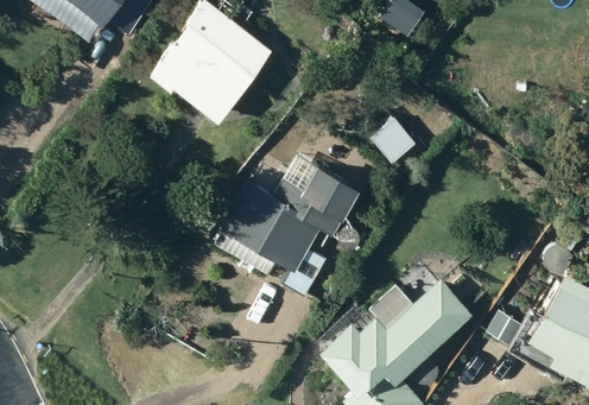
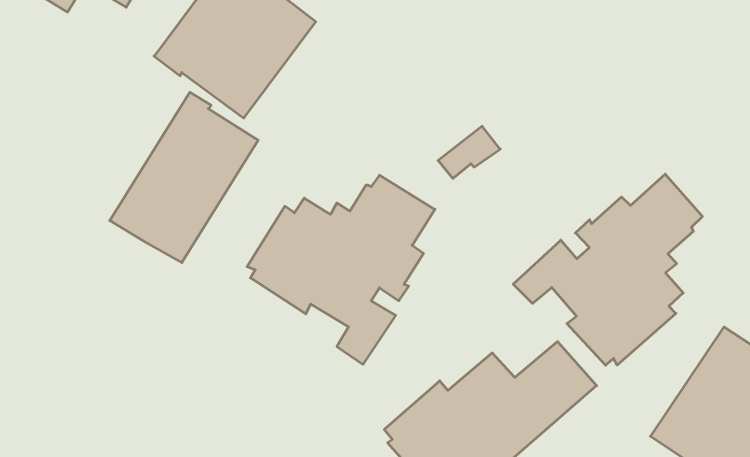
building: none -> [110,92,258,263]
building: none -> [513,174,702,365]

